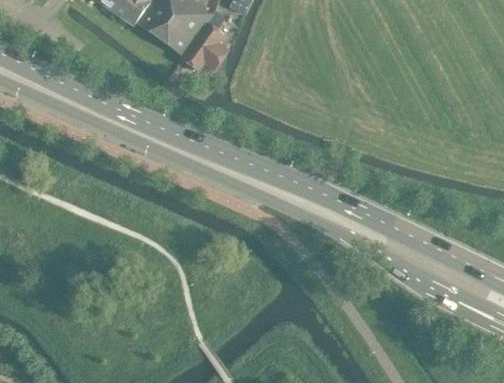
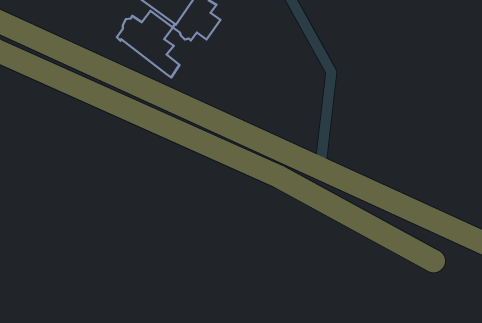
building: none -> [117,11,180,78]

